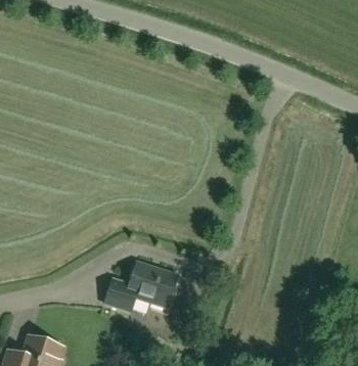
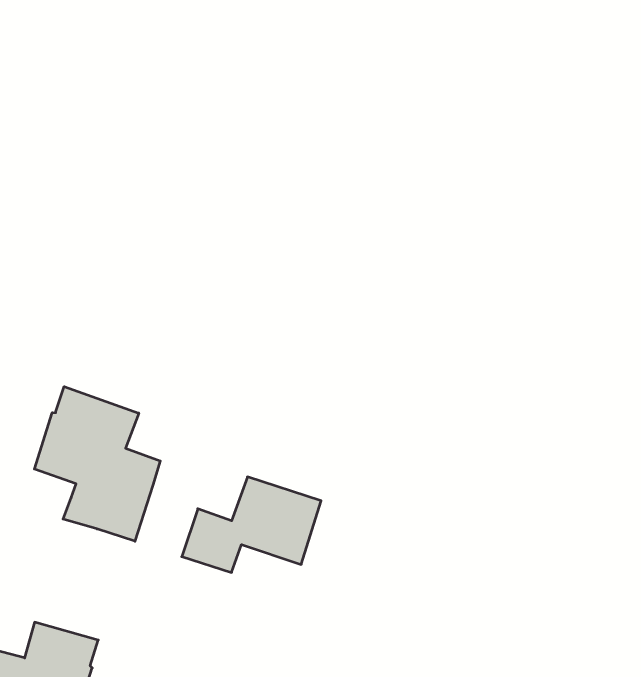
building: none -> [34,387,160,541]

